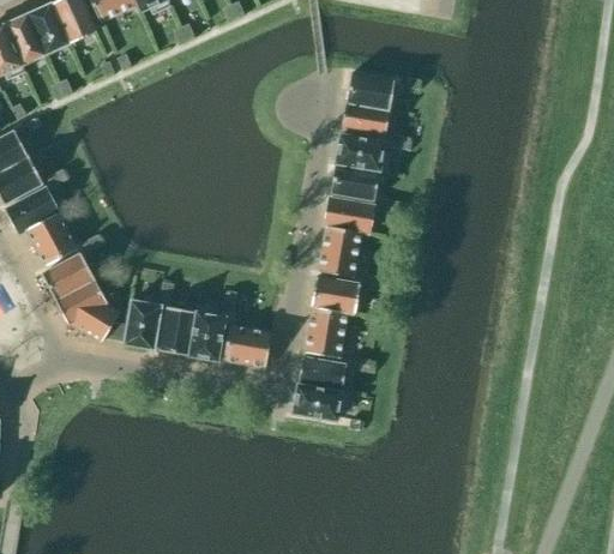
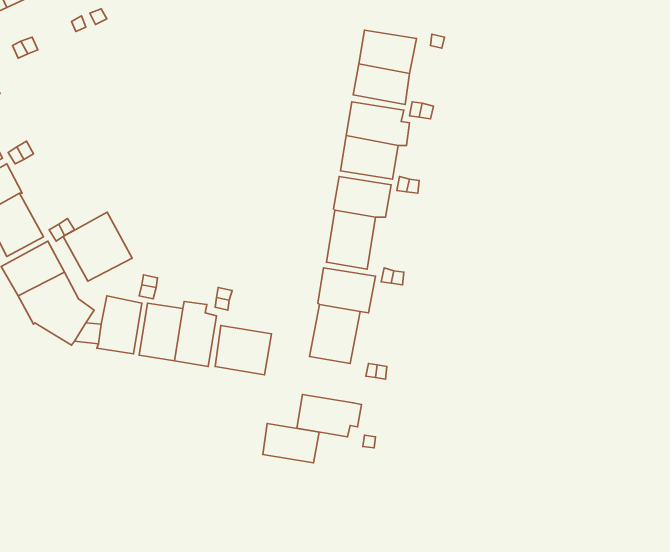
building: none -> [63,212,132,281]
building: [299,356,347,390] -> [263,424,319,463]

